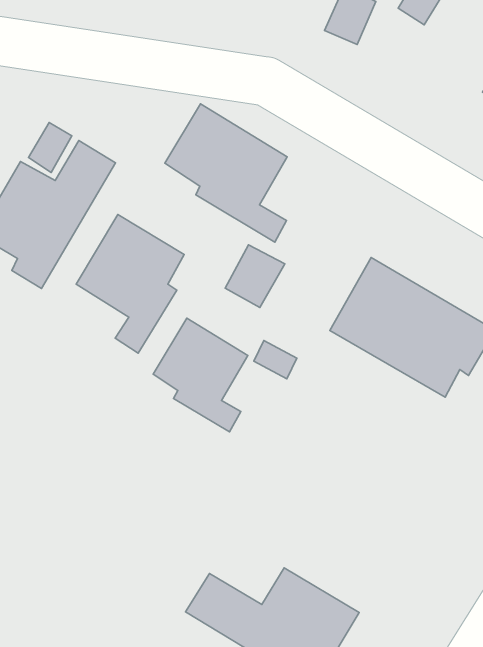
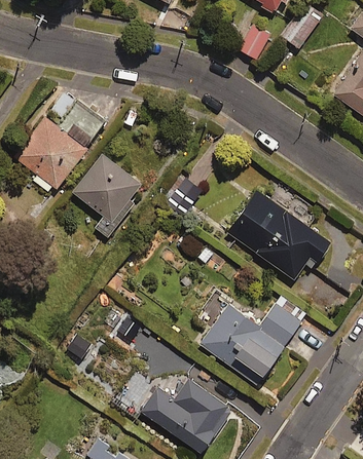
building: [165,104,287,242] -> none
building: [153,318,248,432] -> none
building: none -> [198,300,302,386]

